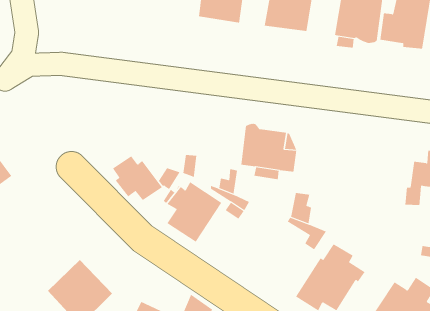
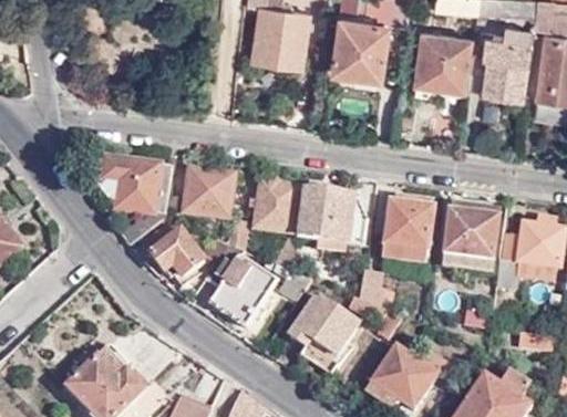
building: none -> [92,155,172,243]
building: none -> [185,169,235,219]
building: none -> [255,180,298,233]
building: none -> [379,200,434,263]
building: none -> [437,209,496,272]
building: none -> [290,298,359,375]

